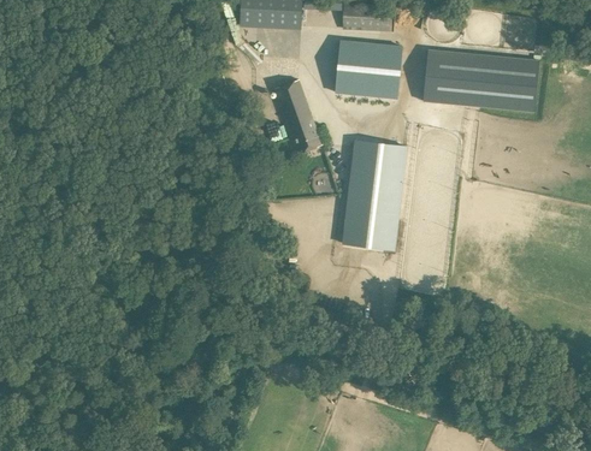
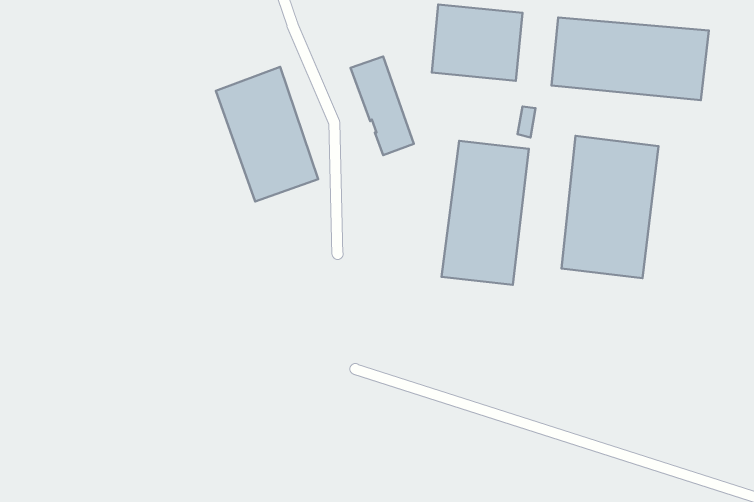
building: none -> [216,67,318,202]
building: none -> [562,136,658,278]

